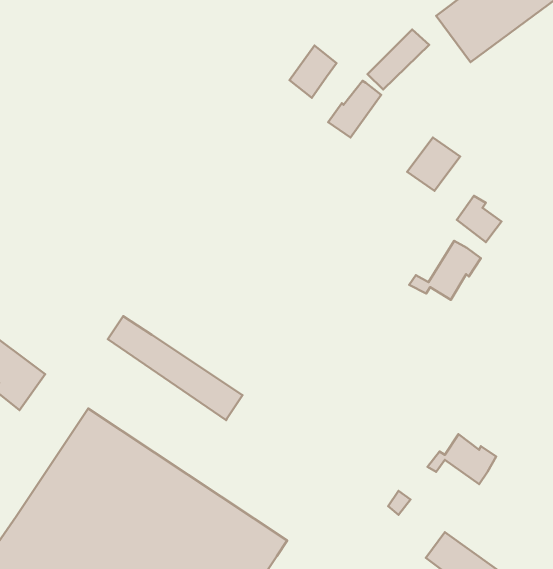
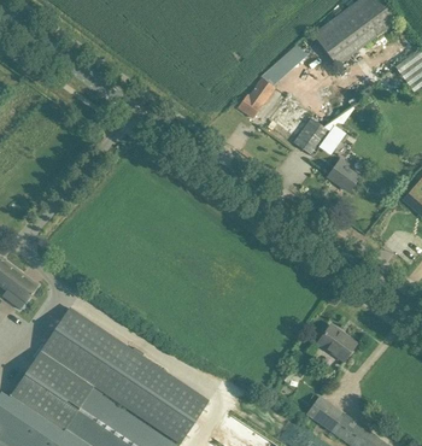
building: [290,46,337,98] -> none
building: [409,241,481,300] -> none
building: [108,316,242,420] -> none

